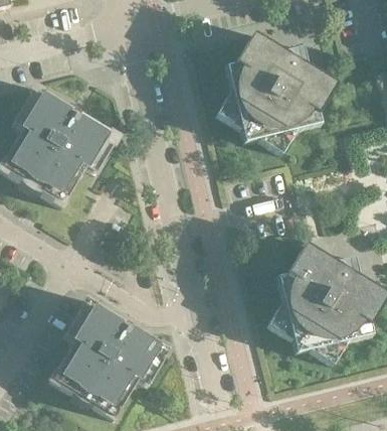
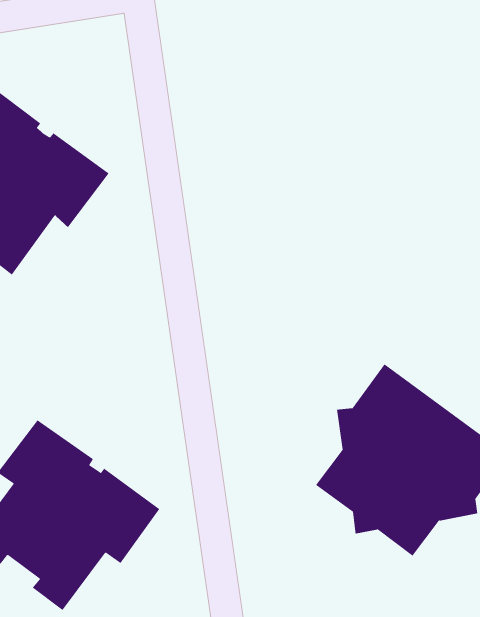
building: [217,30,339,152] -> none

